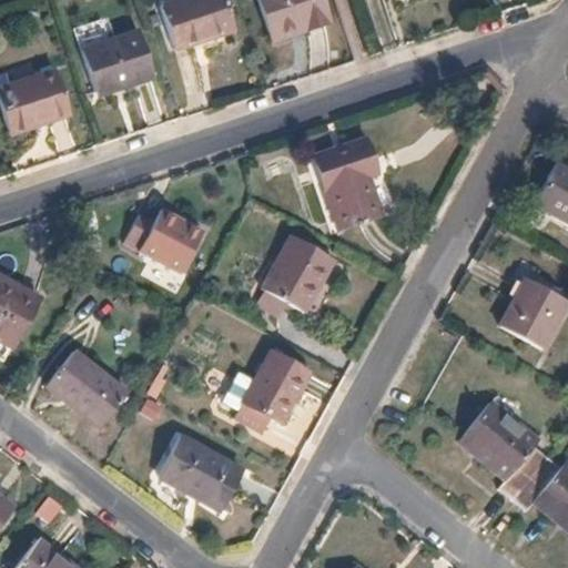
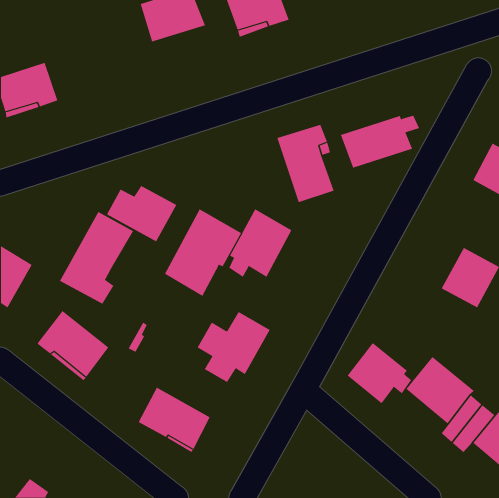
building: [83,30,155,93] -> none
building: none -> [340,115,420,168]
building: none -> [164,208,242,297]
building: none -> [59,211,134,304]
building: none -> [347,342,412,404]

